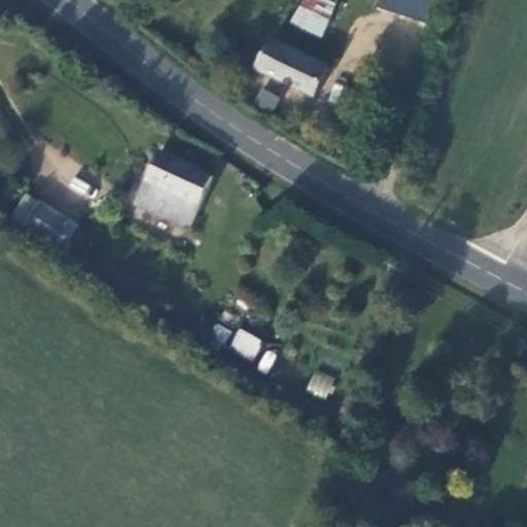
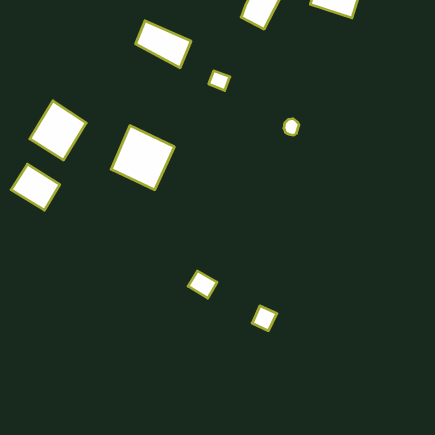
building: [257,39,324,96] -> [136,21,191,68]
building: none -> [30,101,86,160]

